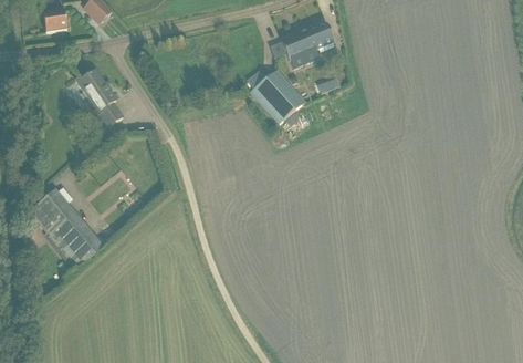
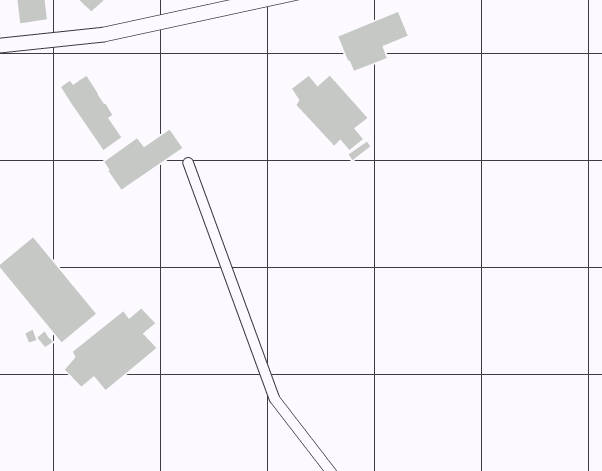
building: none -> [103,128,183,191]
building: none -> [64,308,157,391]

